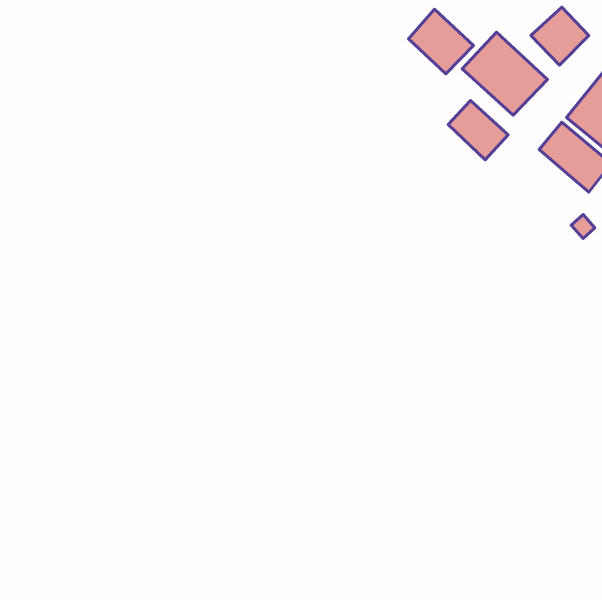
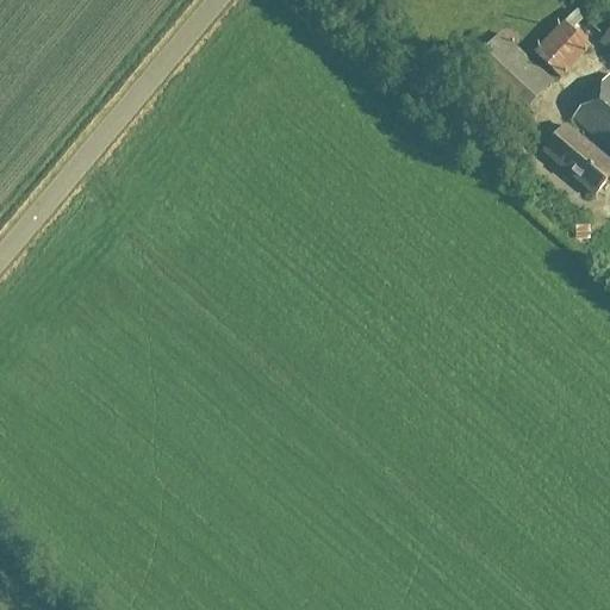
building: [408,9,474,74] -> none
building: [448,101,508,160] -> none

